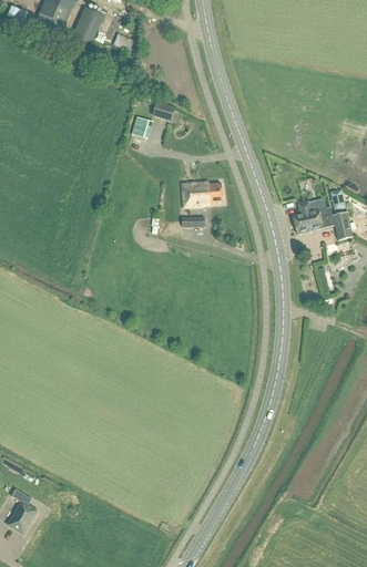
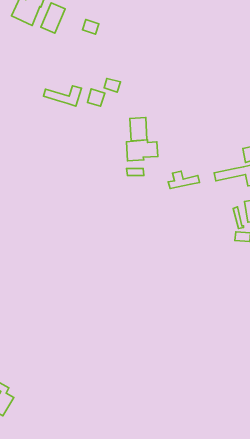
building: none -> [43,86,82,106]
building: none -> [130,117,147,141]
building: [290,199,330,221] -> [168,171,200,189]

